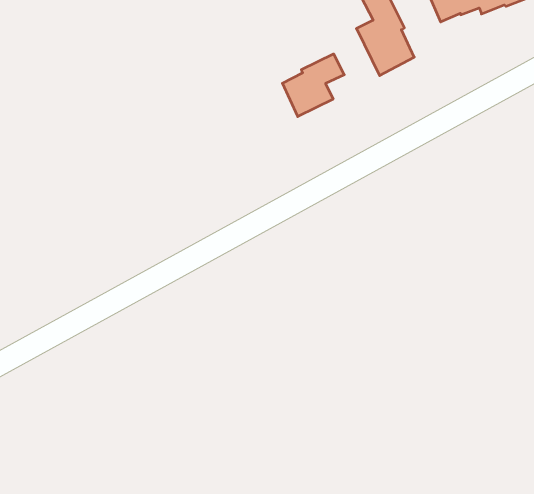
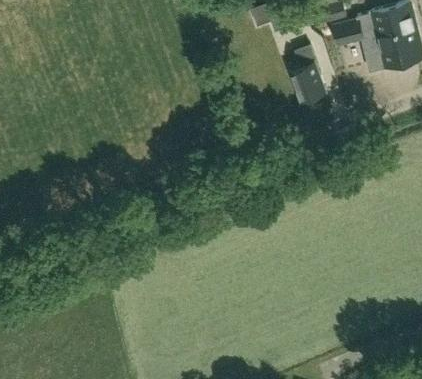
building: [282,54,344,117] -> none

